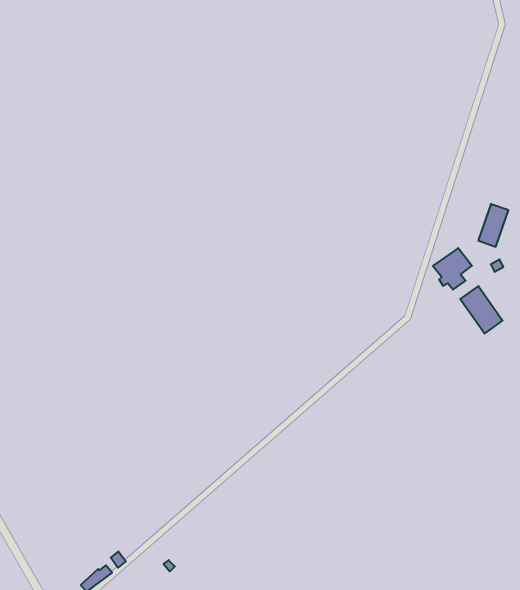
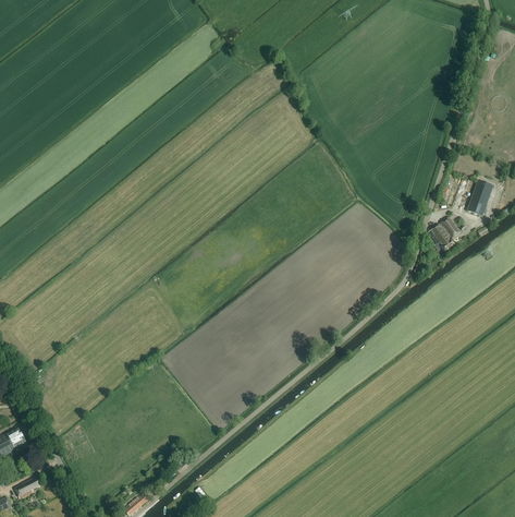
building: [460,286,503,334] -> none

